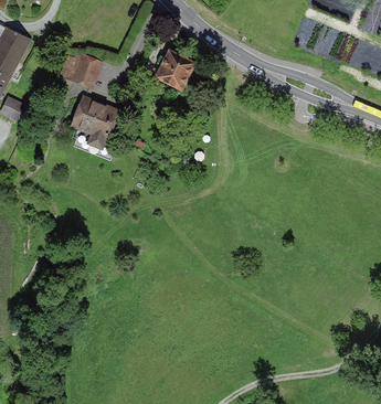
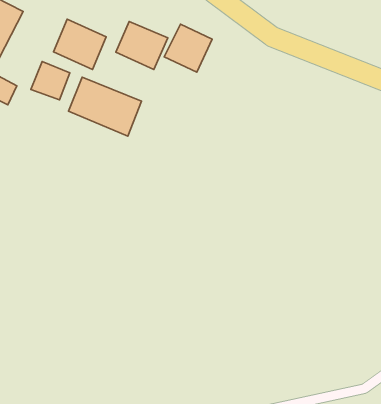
building: none -> [116,22,168,69]
building: none -> [31,62,70,100]

